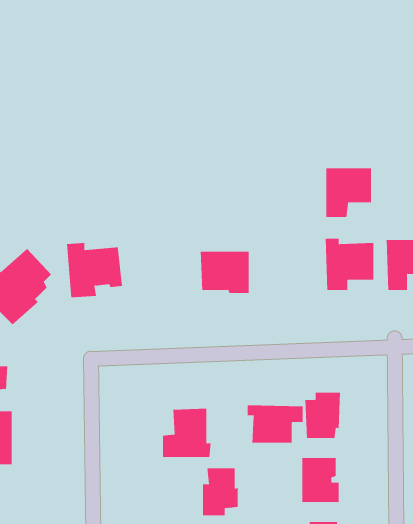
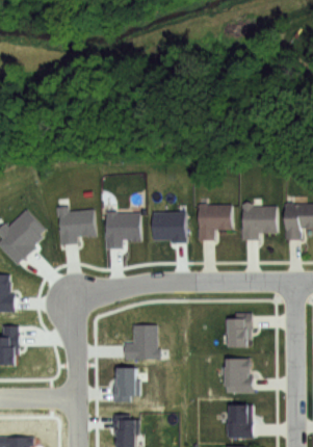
building: [325,168,372,217] -> [199,205,232,240]
building: none -> [104,212,140,248]
building: [247,405,303,444] -> none
building: [202,468,239,516] -> [113,368,139,402]

